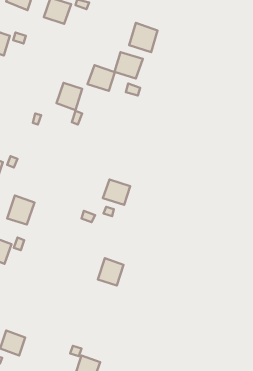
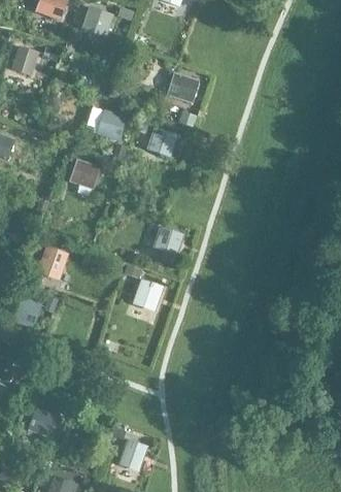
building: [129,23,157,52] -> none
building: [88,65,115,91] -> [145,126,178,157]
building: none -> [69,158,101,189]
building: [98,258,124,285] -> [132,277,163,310]

